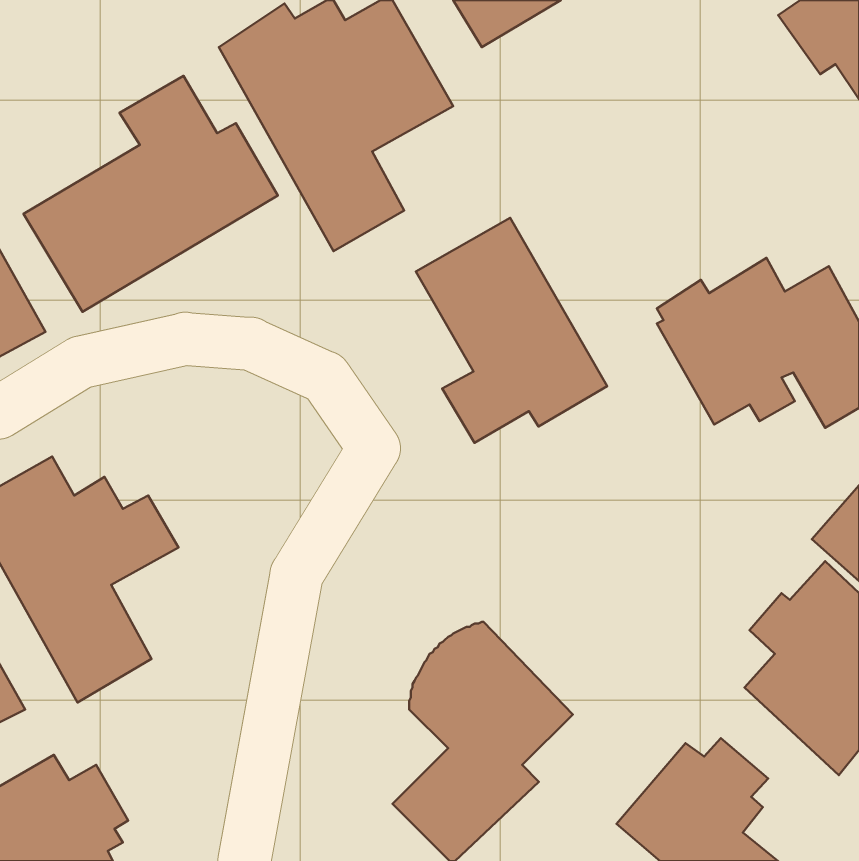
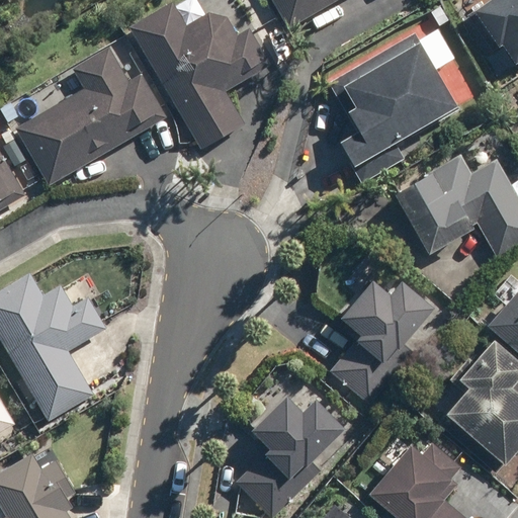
building: none -> [328,29,459,168]
building: [416,218,607,443] -> none
building: none -> [328,280,433,407]

